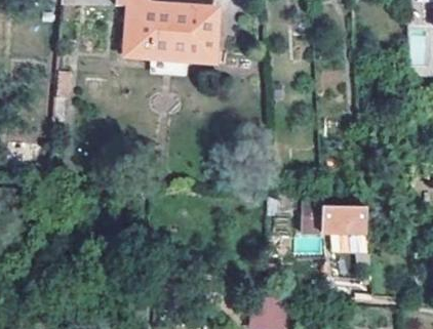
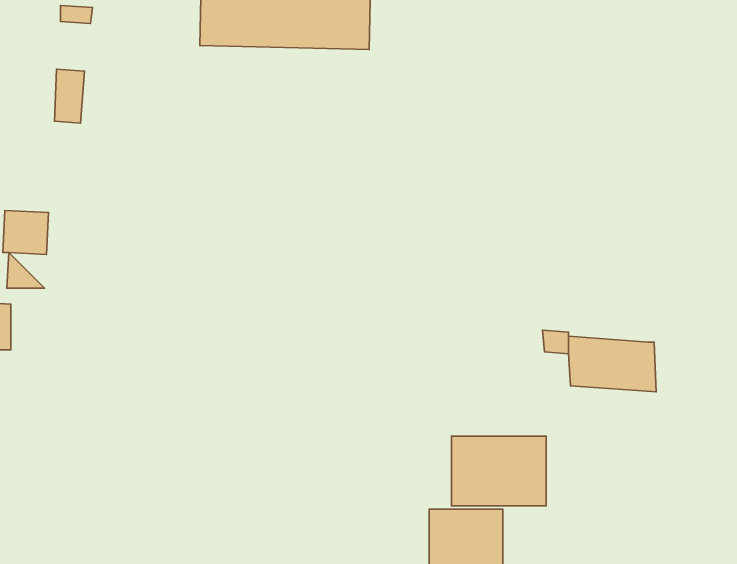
building: none -> [451,436,546,506]

